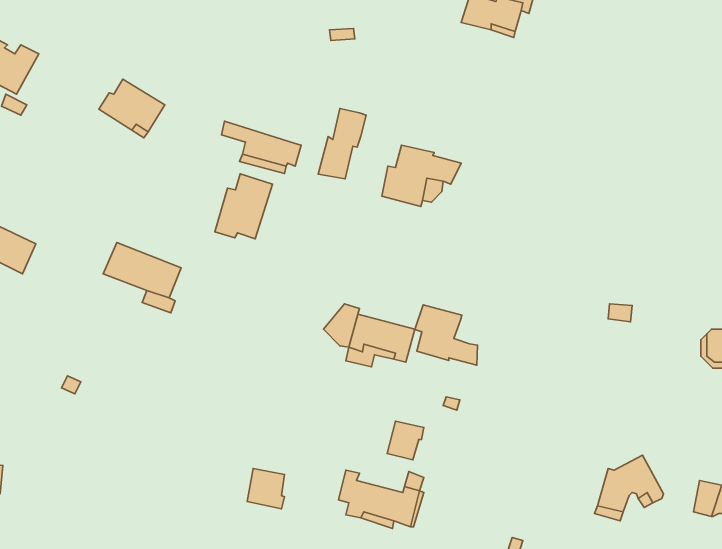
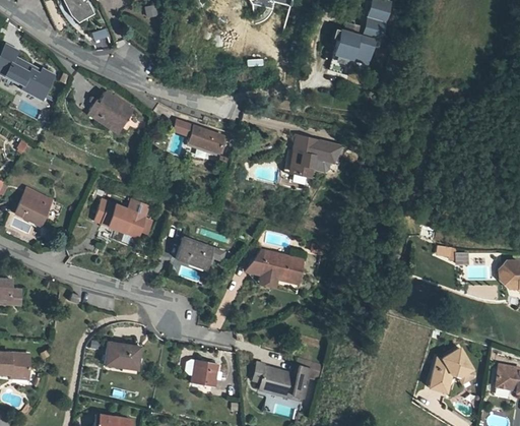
building: [318,109,366,179] -> none
building: [215,174,272,239] -> none
building: none -> [177,241,212,270]
building: [415,305,477,365] -> none
building: [387,421,424,460] -> none
building: none -> [105,343,141,367]

